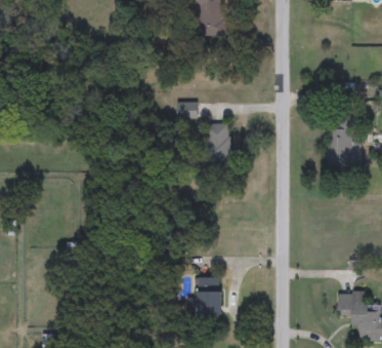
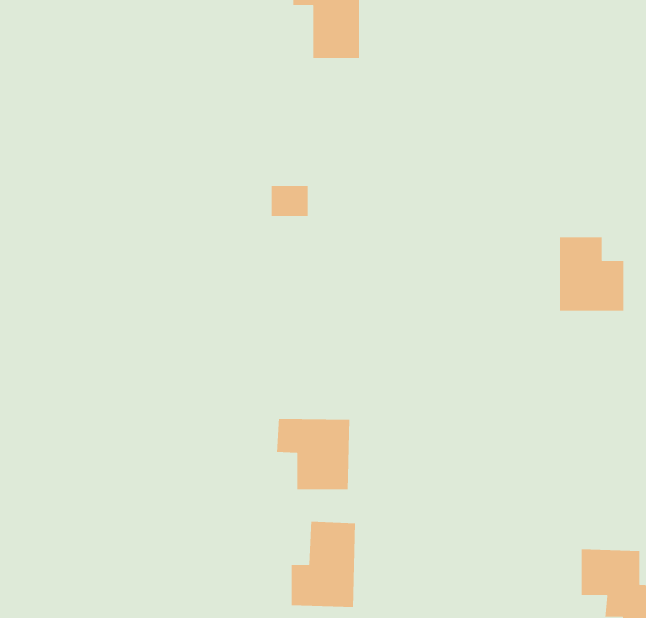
building: [199,122,232,168] -> none
building: none -> [276,418,350,490]

